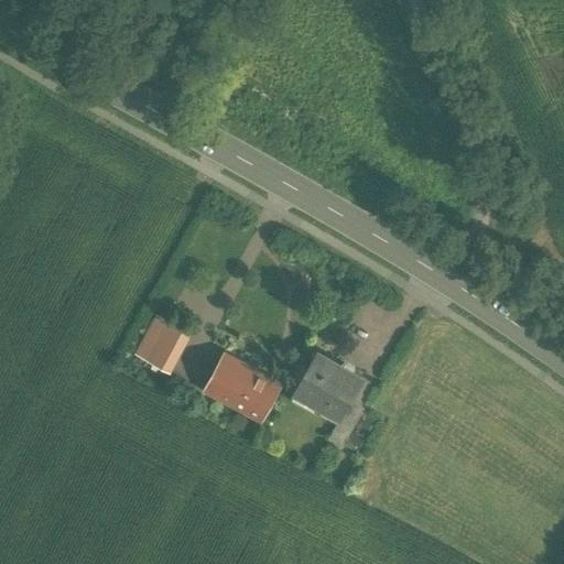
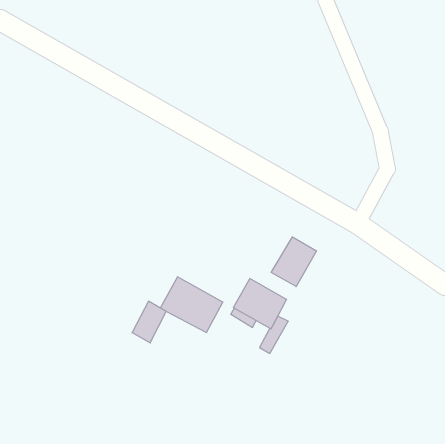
building: none -> [271,237,316,287]
building: [145,319,188,372] -> [132,301,166,343]

